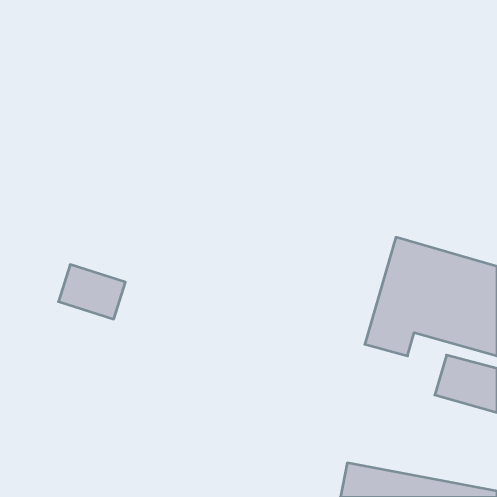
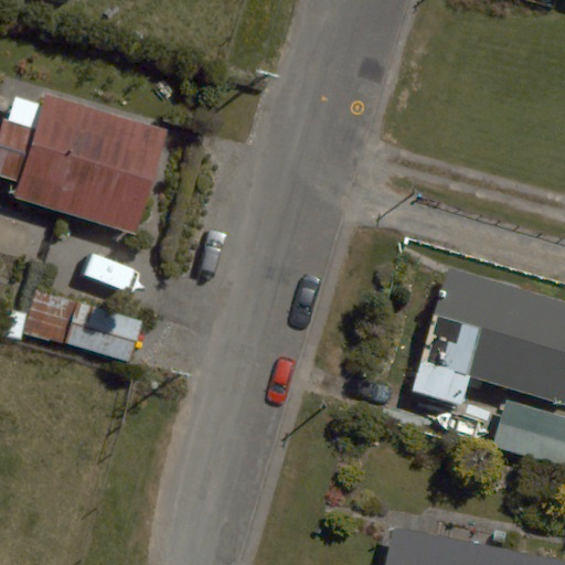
building: none -> [14,95,167,233]

